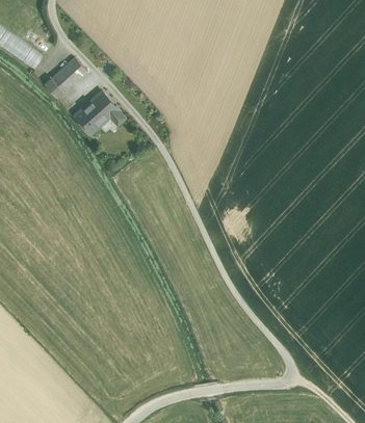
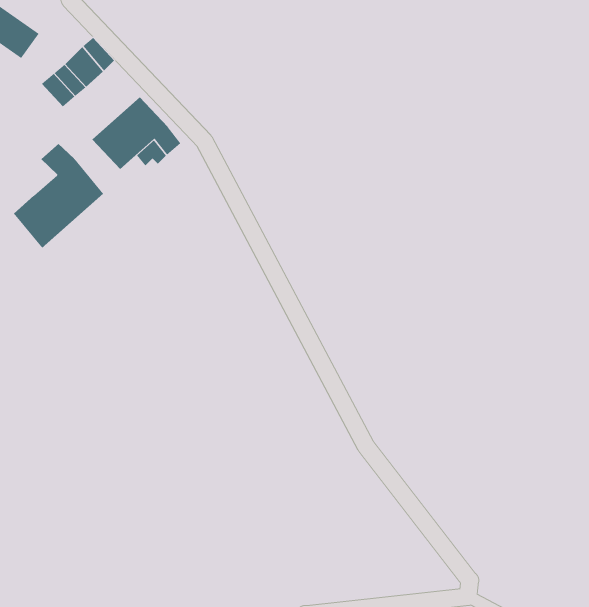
building: none -> [13,143,104,249]

